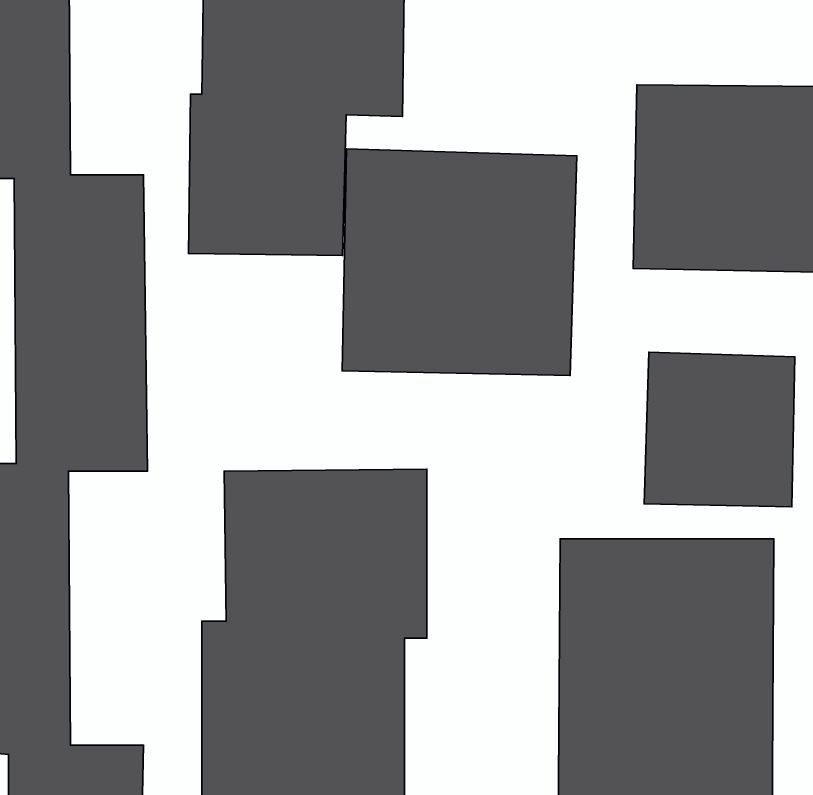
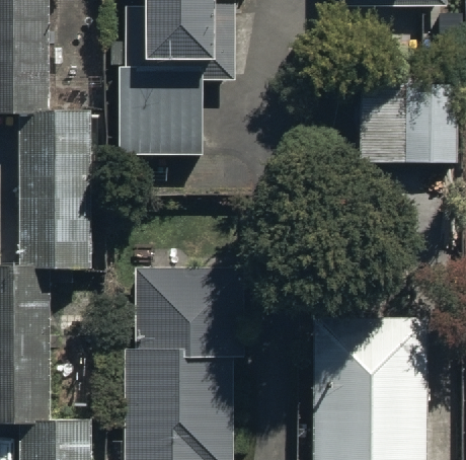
building: [342,149,577,375] -> none
building: [644,352,795,507] -> none

